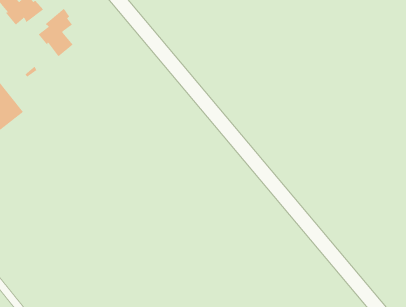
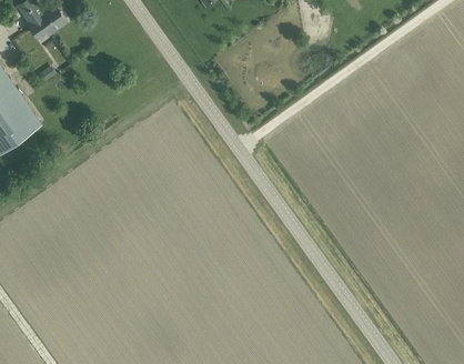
building: [38,8,74,57] -> none

